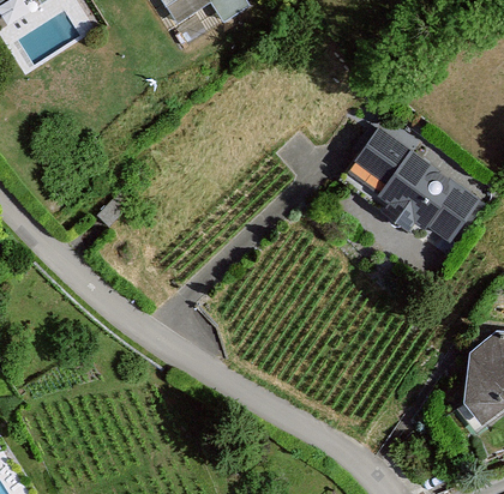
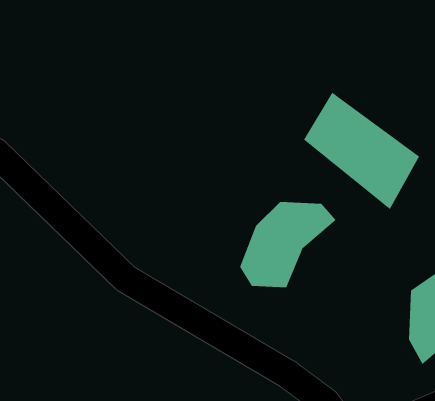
building: none -> [239,201,337,288]

